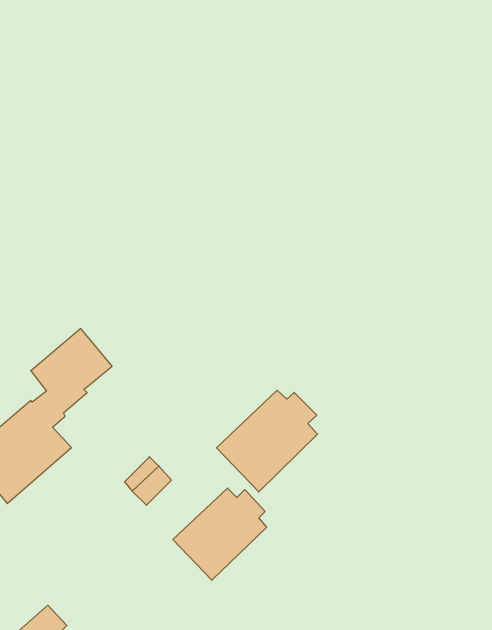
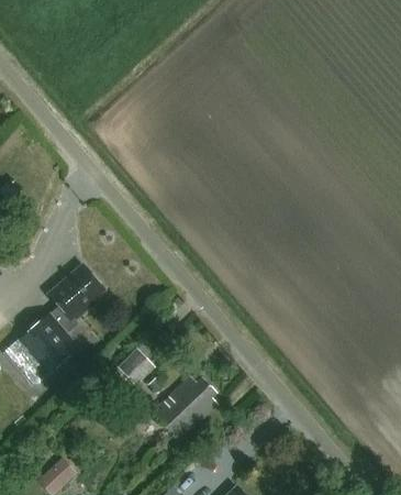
building: [217,390,318,492] -> none

